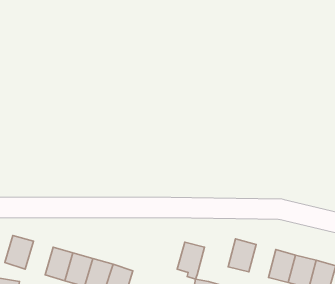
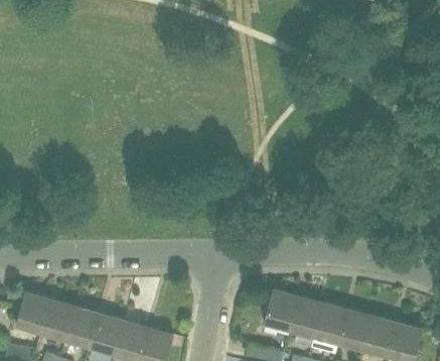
building: none -> [41,304,76,345]
building: [177,242,204,279] -> [266,294,299,340]
building: none -> [315,308,348,348]

